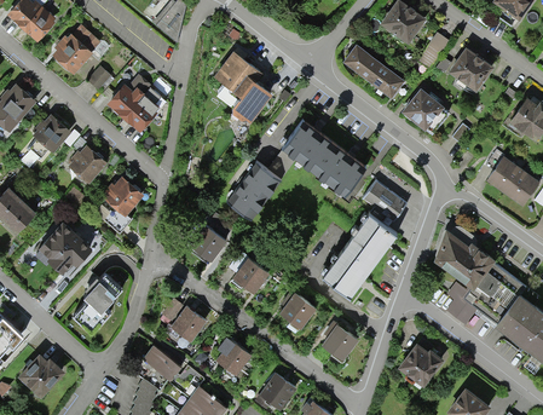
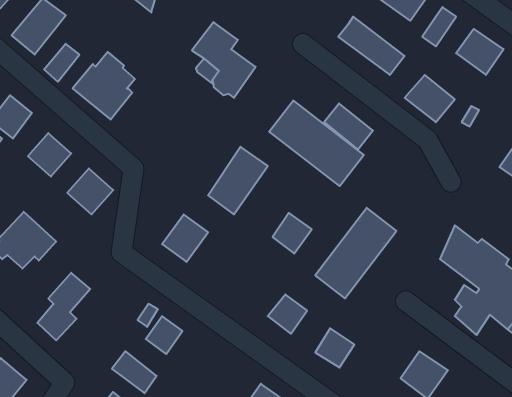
building: [363,181,406,223] -> [324,103,373,149]
building: [233,258,268,294] -> [273,213,312,254]
building: [213,335,252,375] -> none

